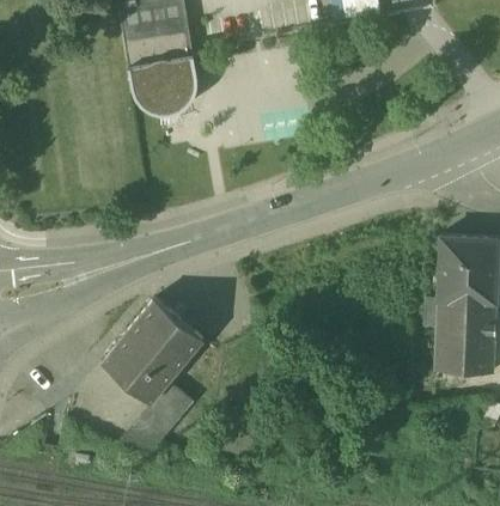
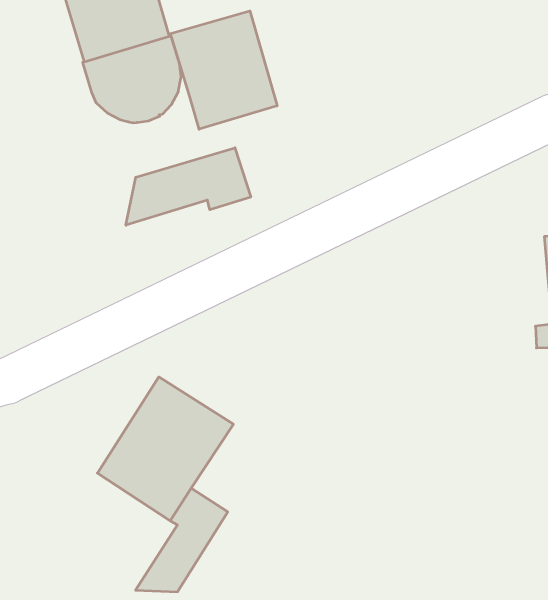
building: none -> [171,11,277,129]
building: none -> [126,148,251,225]

